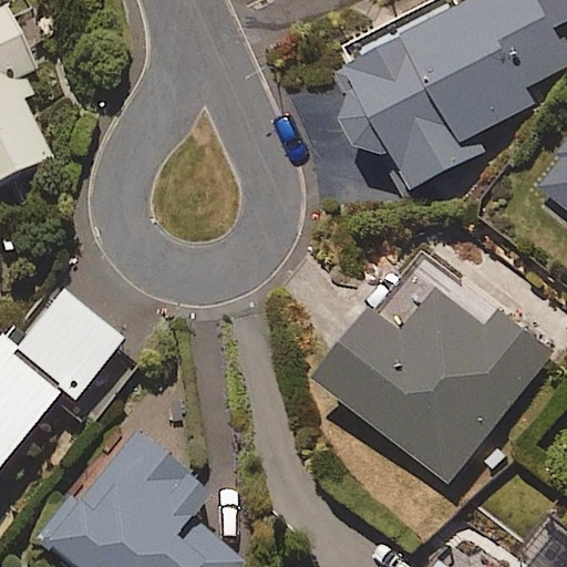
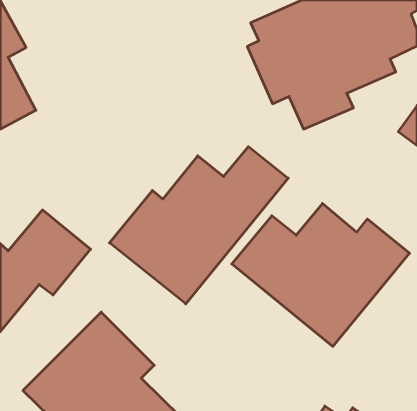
building: none -> [109,147,288,304]

